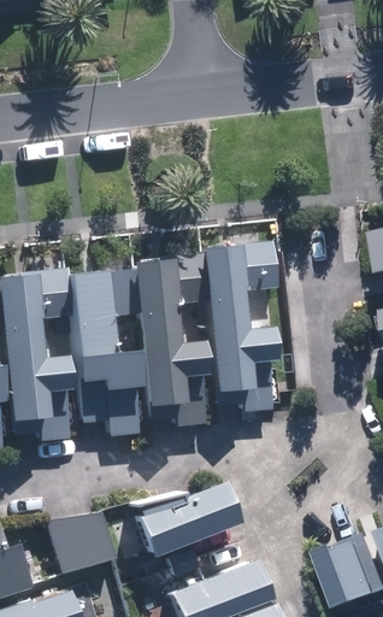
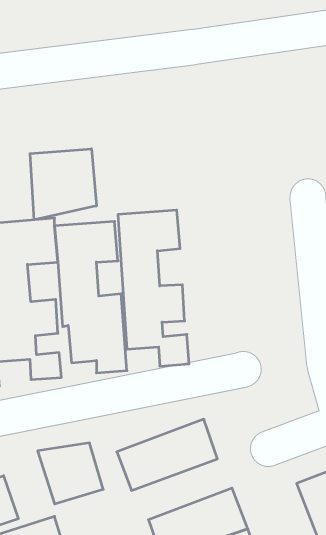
building: none -> [30,149,96,220]
building: [196,242,282,410] -> none

